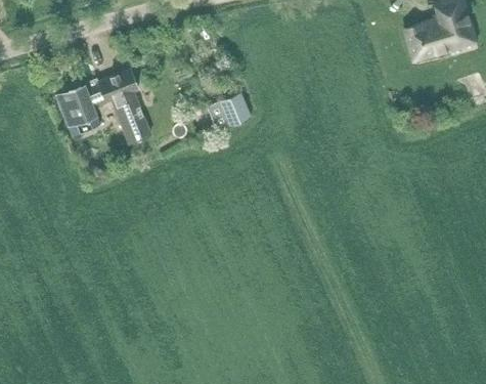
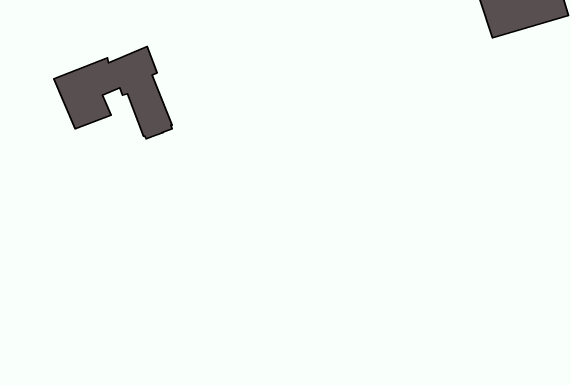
building: [220,93,252,127] -> none

